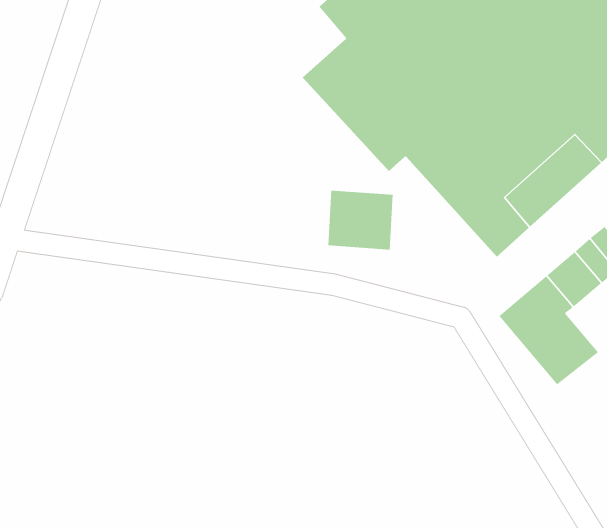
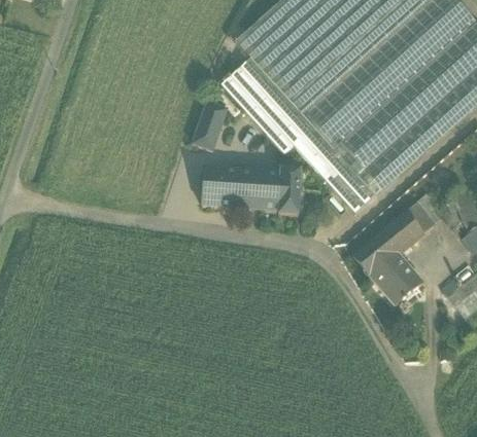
building: none -> [194,102,224,147]
building: none -> [203,167,238,207]
building: none -> [279,168,301,214]

